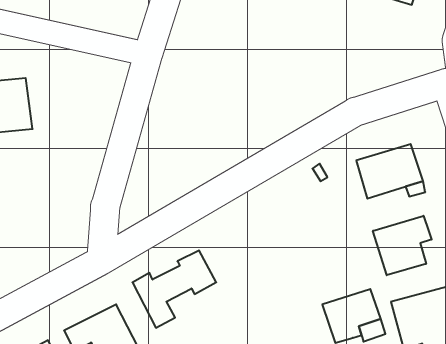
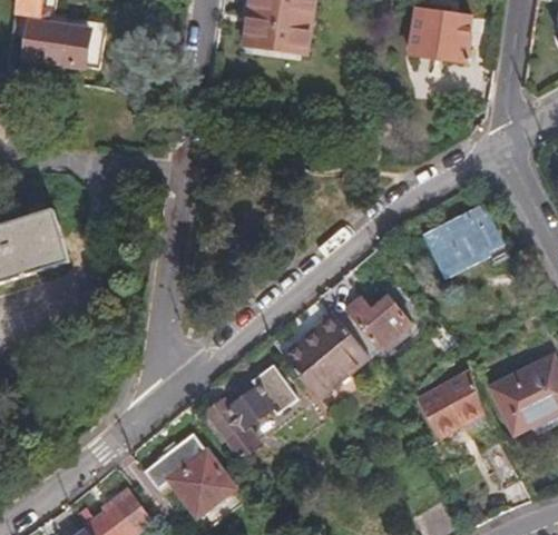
building: none -> [345,298,410,353]
building: none -> [282,313,371,399]
building: [373,216,432,275] -> none

